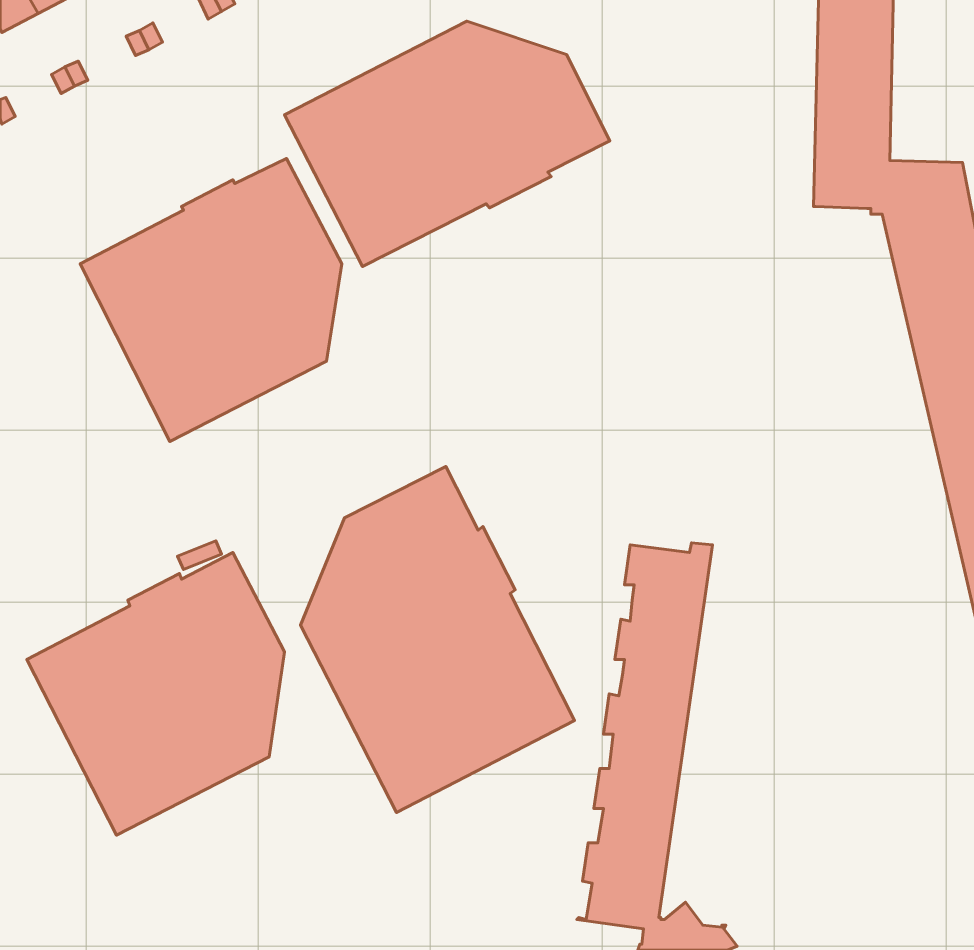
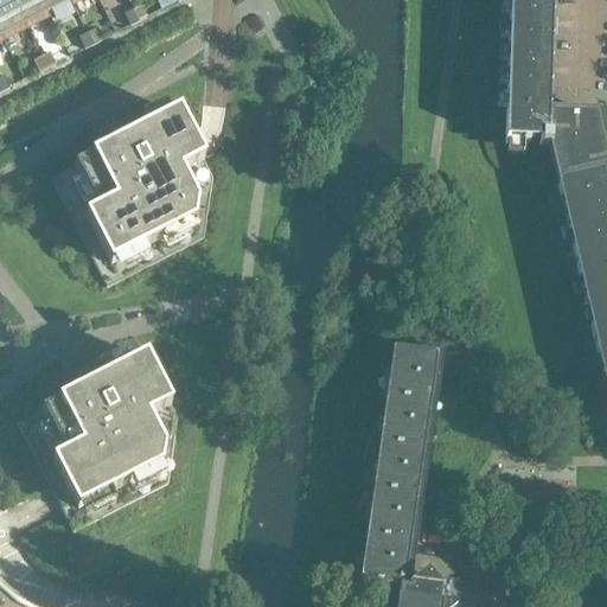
building: [284,21,610,267] -> none
building: [301,467,575,812] -> none

